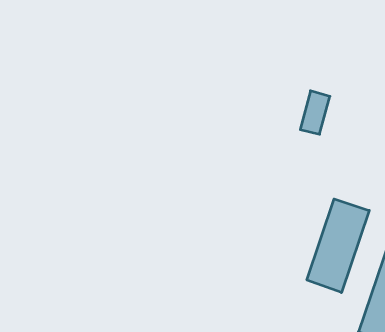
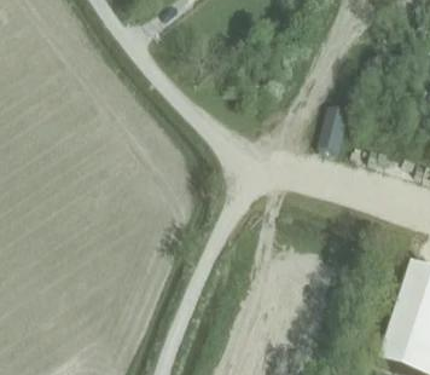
building: [307,199,369,293] -> none

